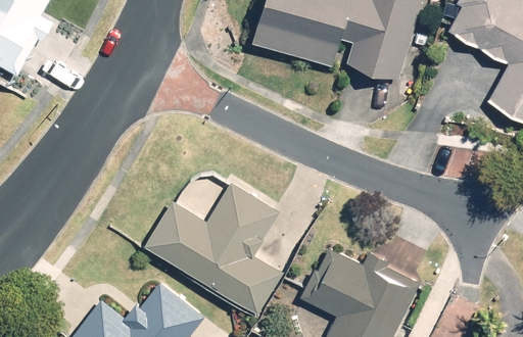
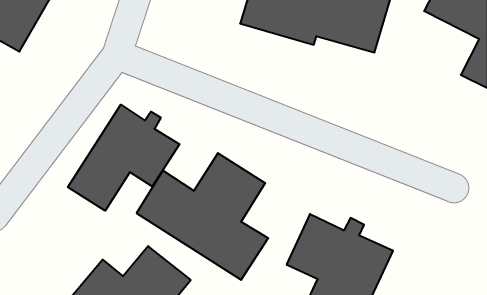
building: none -> [68,105,179,211]

